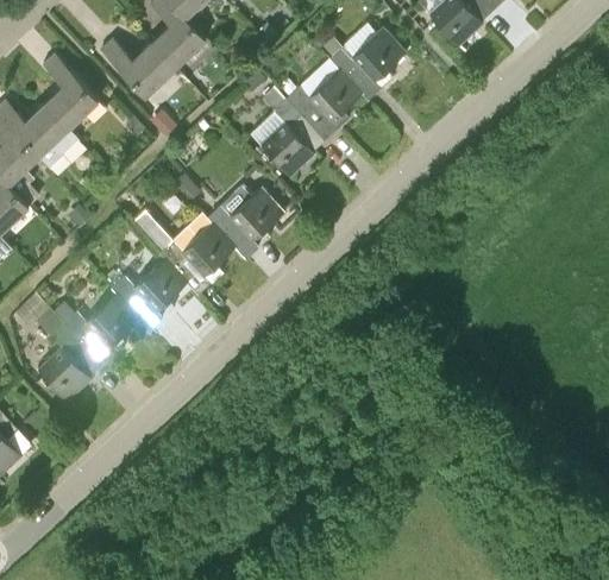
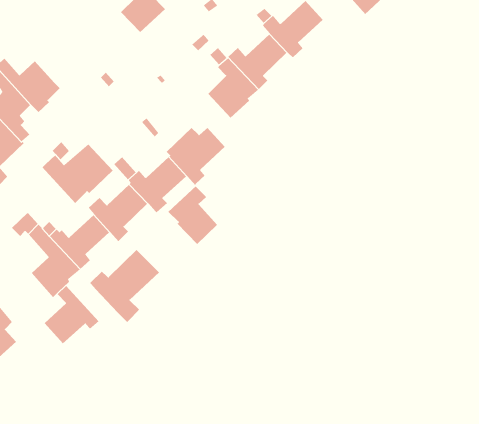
building: [100,39,176,95] -> none
building: [42,53,101,131] -> none
building: none -> [41,143,114,204]
building: none -> [168,185,218,245]
building: none -> [89,249,160,323]
building: none -> [44,285,99,344]

